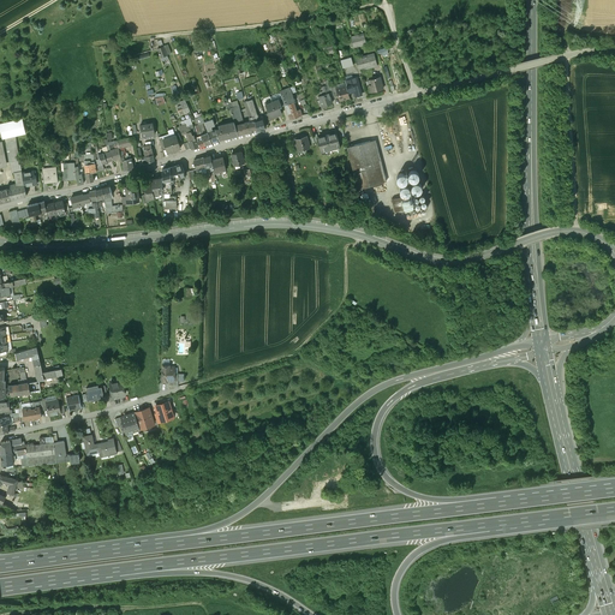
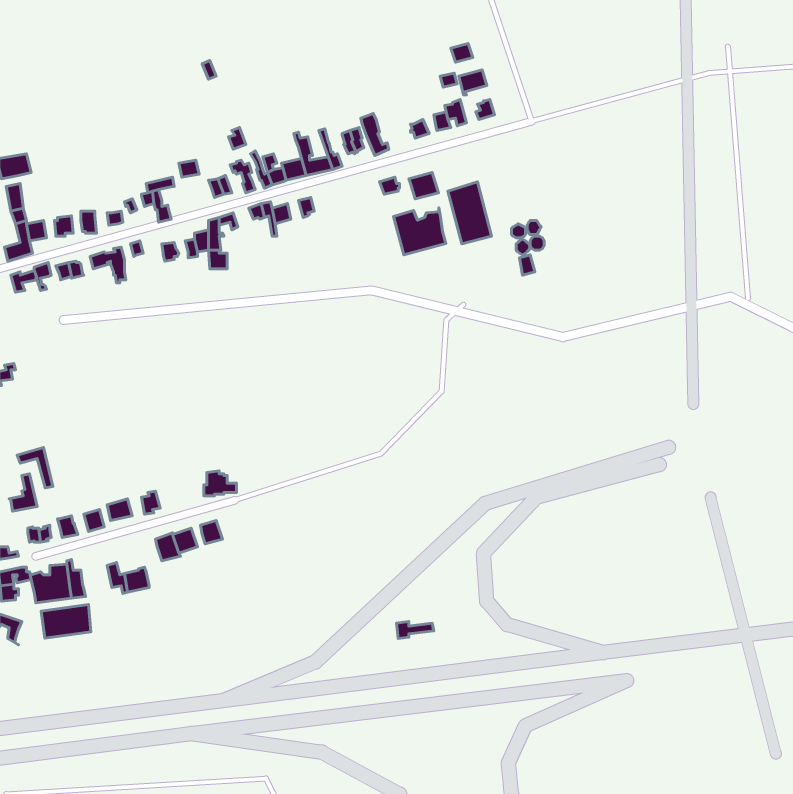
building: none -> [394,208,446,255]
building: none -> [41,604,91,638]

